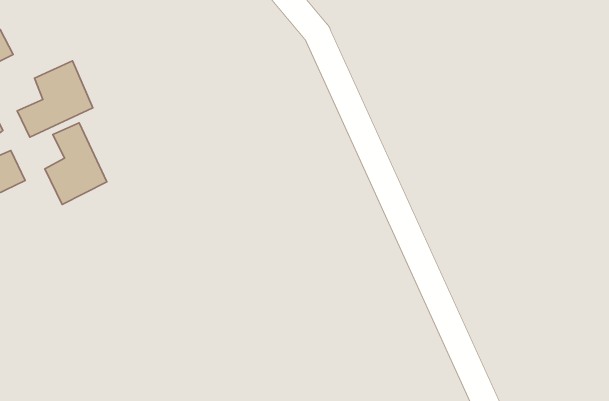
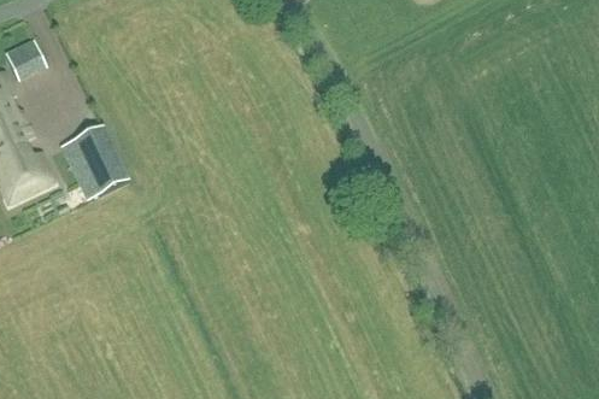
building: [17,61,93,137] -> none

